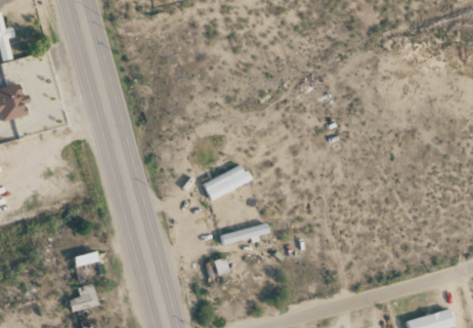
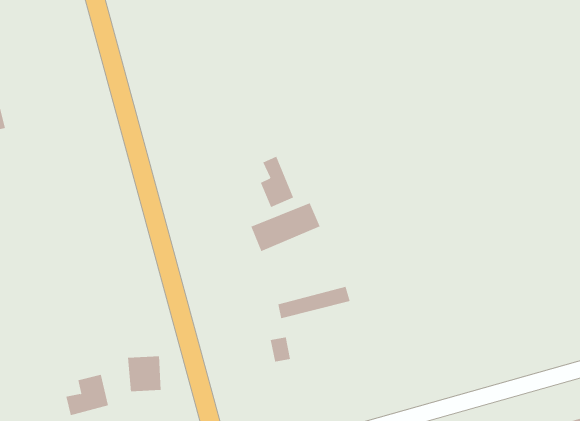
building: none -> [260,156,294,208]
building: [79,253,102,278] -> [127,356,161,392]

